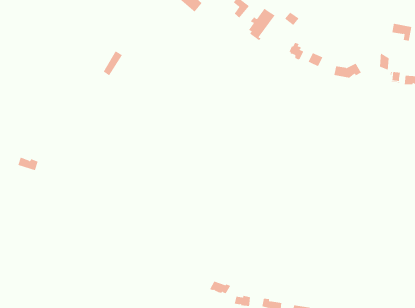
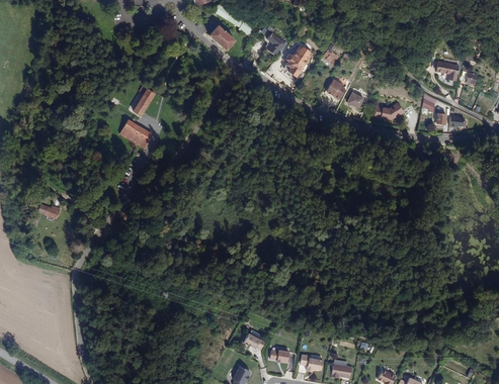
building: none -> [114,120,148,150]

